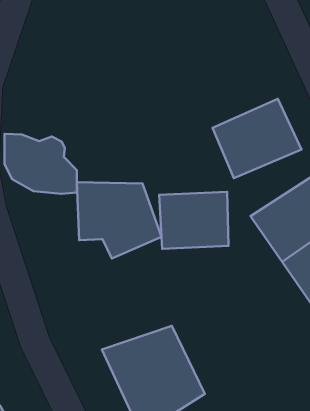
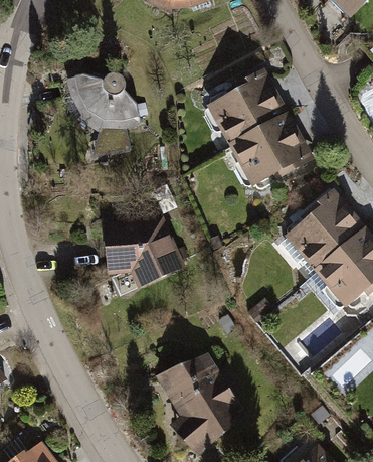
building: none -> [200,66,291,149]
building: [5,134,77,194] -> [63,70,141,127]
building: [159,192,229,249] -> none

